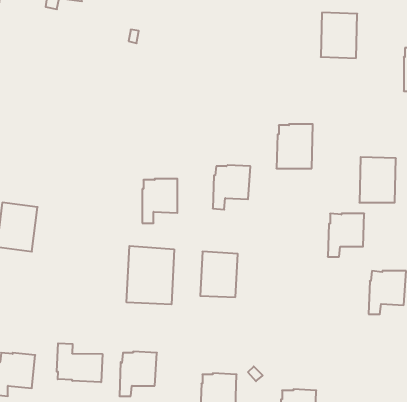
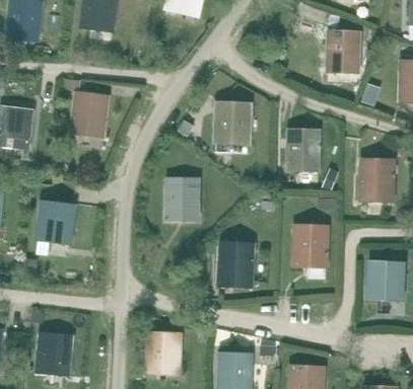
building: none -> [72,93,108,133]
building: [213,165,250,210] -> [216,102,250,142]
building: [328,214,364,257] -> [294,226,327,264]
building: [127,246,174,304] -> none
building: [57,343,102,382] -> none

